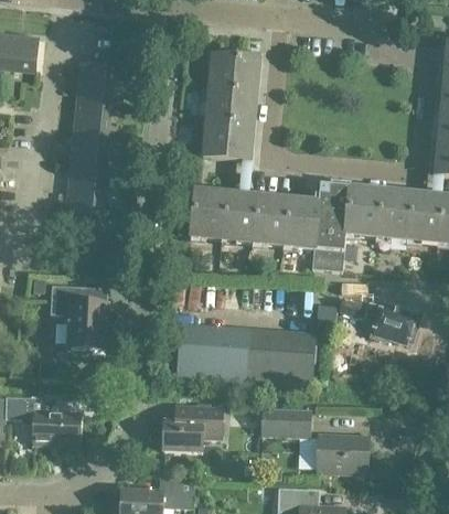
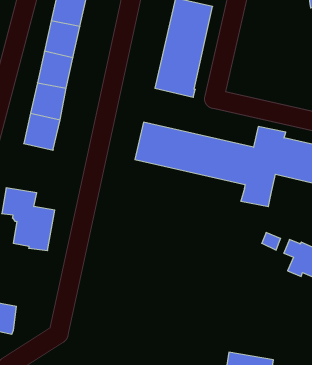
building: [177,324,318,387] -> none
building: [163,403,222,449] -> none
building: [260,406,310,435] -> none

